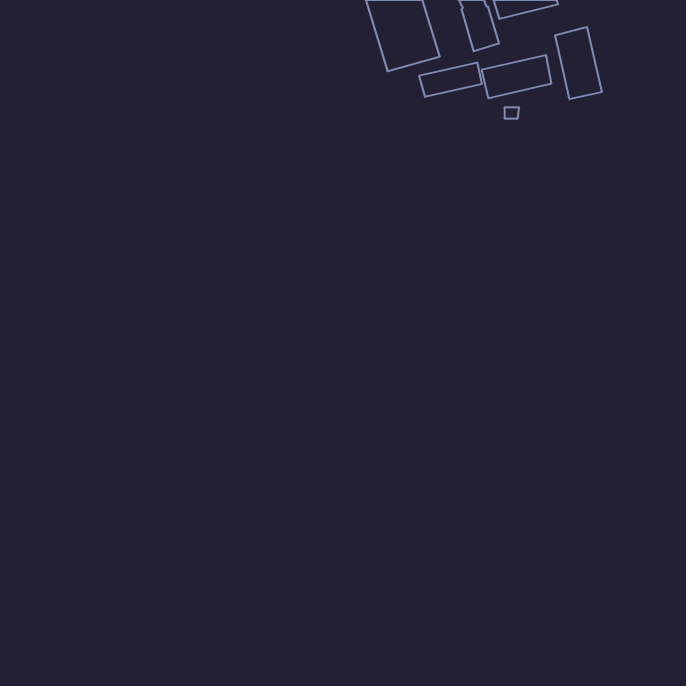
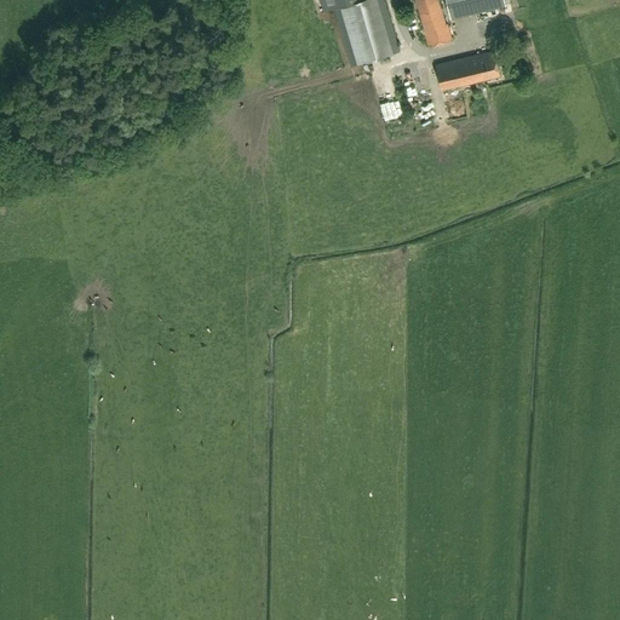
building: [555,27,602,99] -> none
building: [419,62,482,97] -> none

